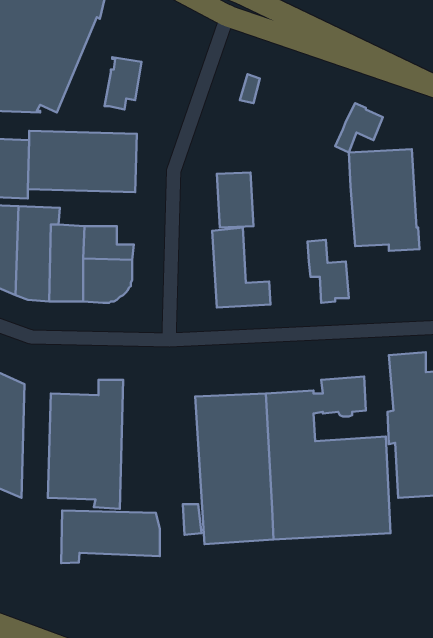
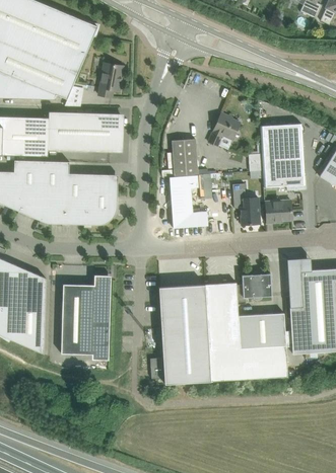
building: [335,103,383,152] -> [208,113,240,146]
building: none -> [265,200,291,223]
building: [61,510,160,563] -> none

